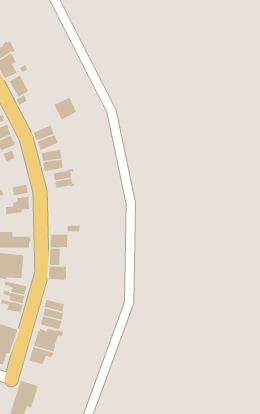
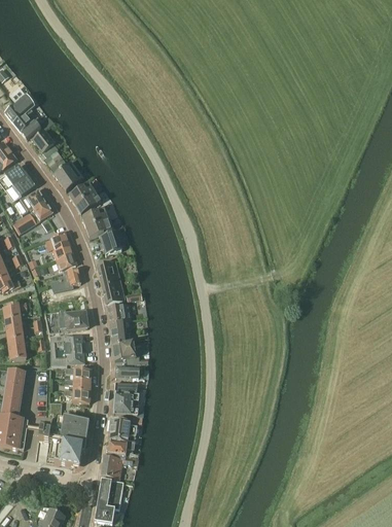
building: [53,96,77,120] -> [54,161,82,189]
building: none -> [50,232,72,259]
building: none -> [97,259,124,303]
building: none -> [115,362,145,378]
building: none -> [101,454,133,481]

